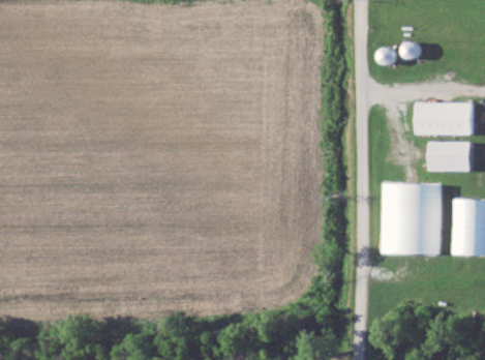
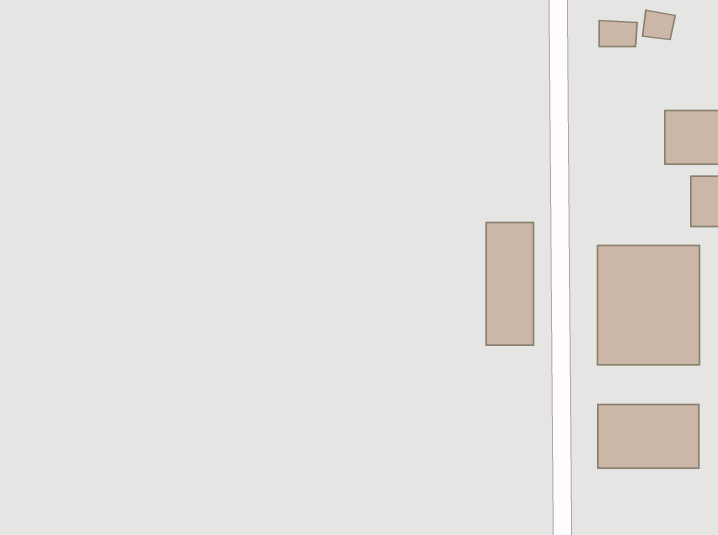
building: none -> [486,222,534,345]
building: none -> [598,404,699,468]

